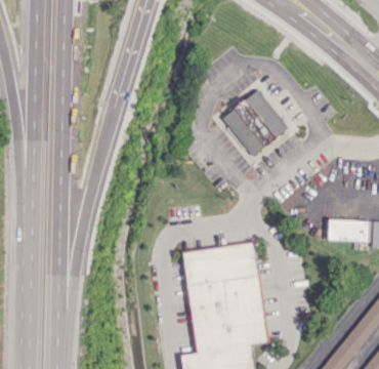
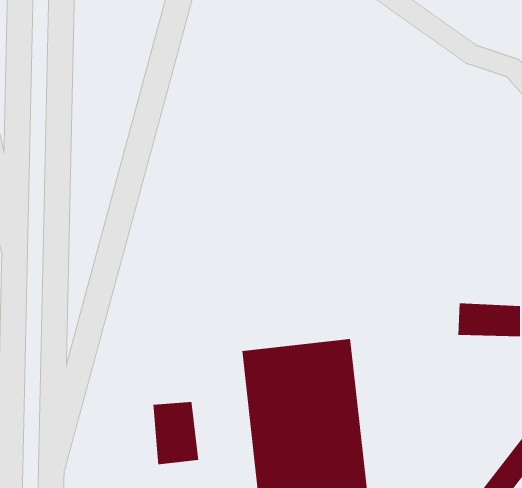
building: [222,89,289,156] -> none
building: none -> [153,401,199,465]

